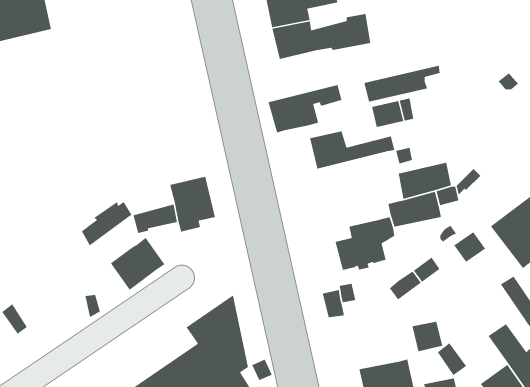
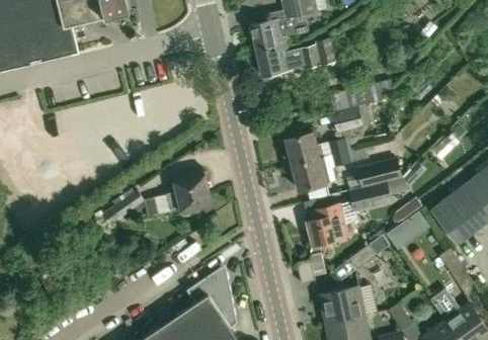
building: [268,84,342,133] -> [292,150,351,189]
building: [110,237,166,291] -> none
building: none -> [319,286,364,324]

